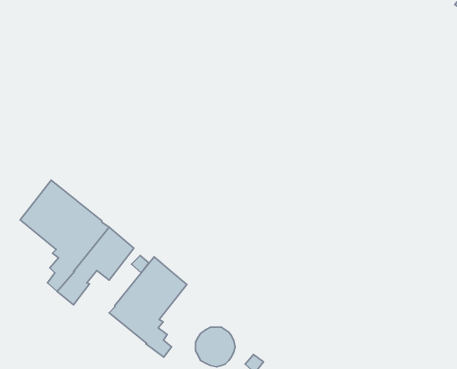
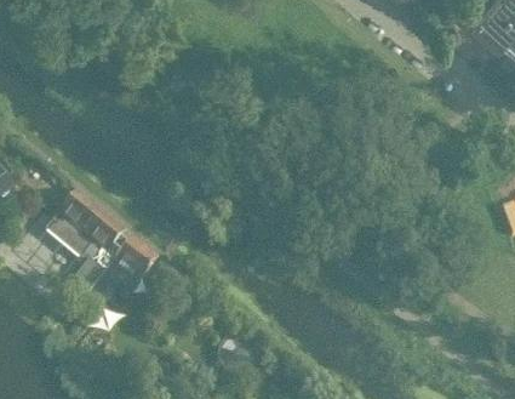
building: [109,257,187,357] -> none

